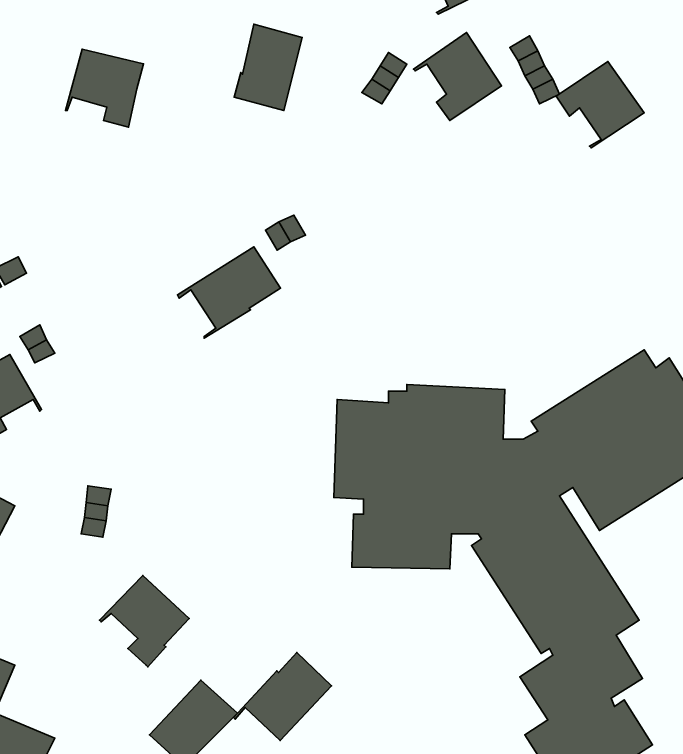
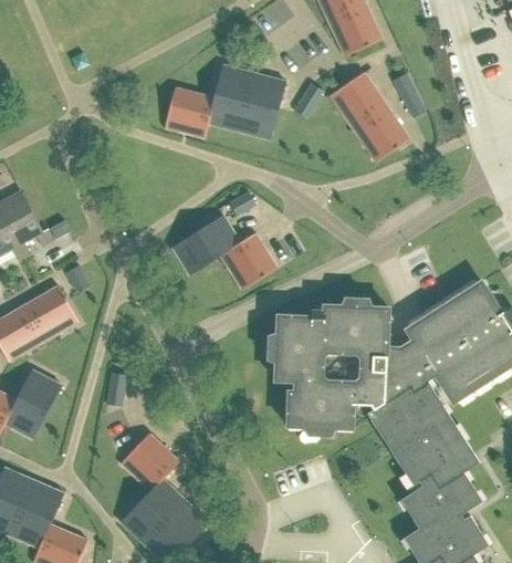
building: none -> [241,74,285,140]
building: [65,49,143,127] -> [160,87,212,139]
building: [556,61,644,148] -> [352,106,410,164]
building: none -> [218,233,278,292]
building: [234,653,332,741] -> [121,480,186,539]

